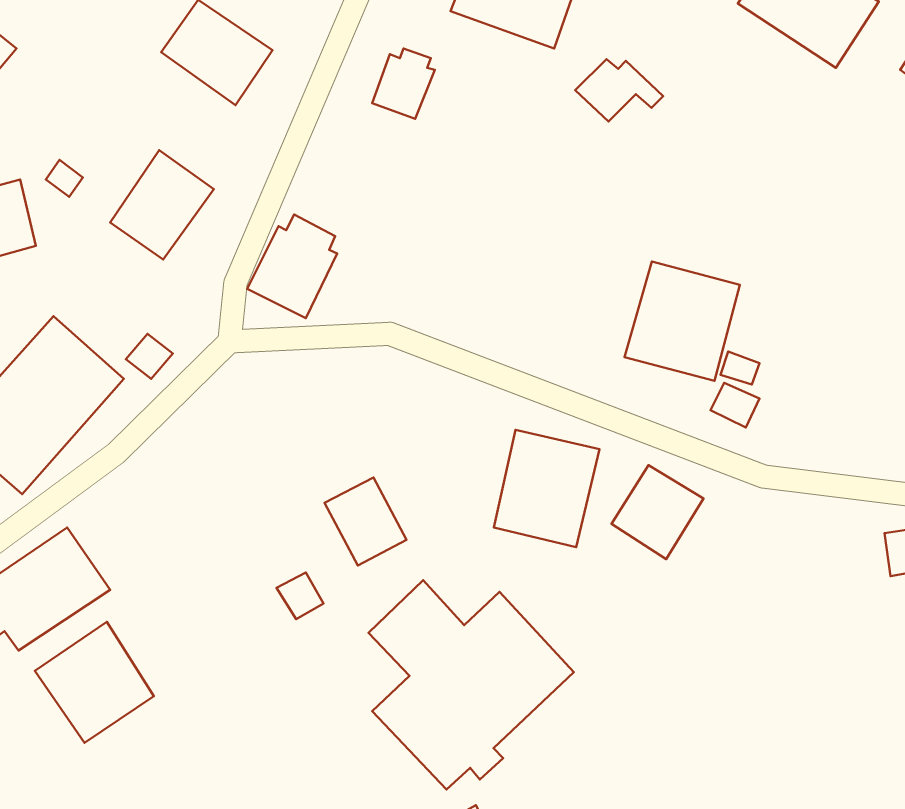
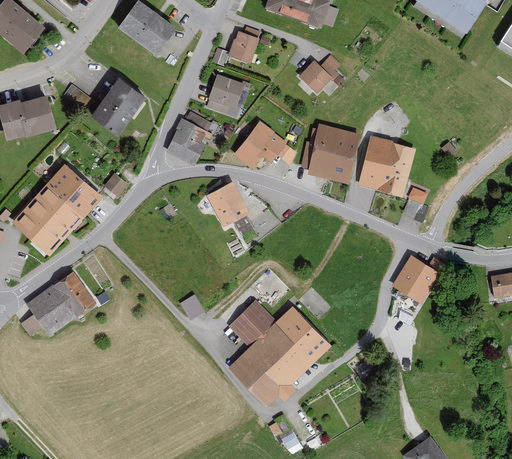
building: [575,59,663,122] -> [297,60,342,92]
building: none -> [205,74,243,115]
building: none -> [233,120,289,167]
building: [494,430,600,547] -> [307,124,361,184]
building: [611,465,703,559] -> [392,255,439,303]
building: [324,477,407,565] -> [207,182,249,227]
building: [35,622,154,743] -> none

